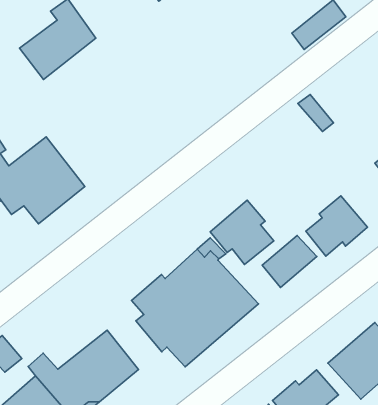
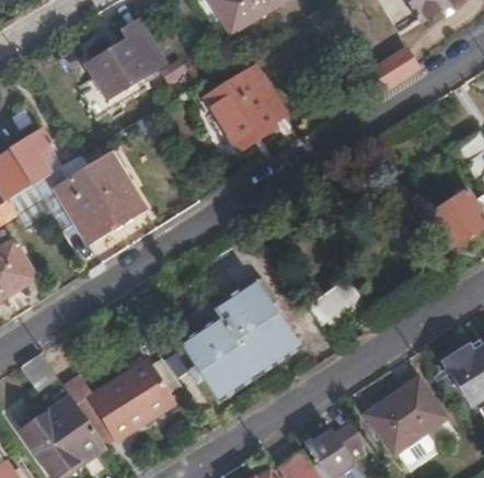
building: none -> [205,65,287,149]
building: [306,196,368,256] -> none
building: [210,200,274,264] -> none

